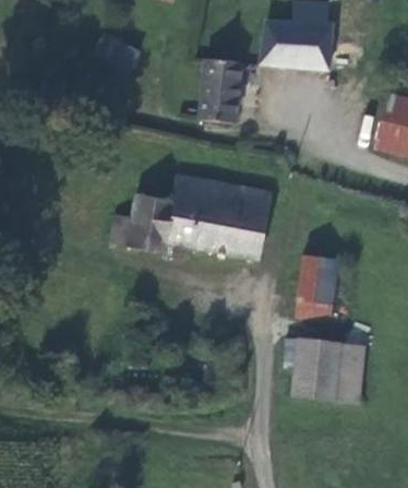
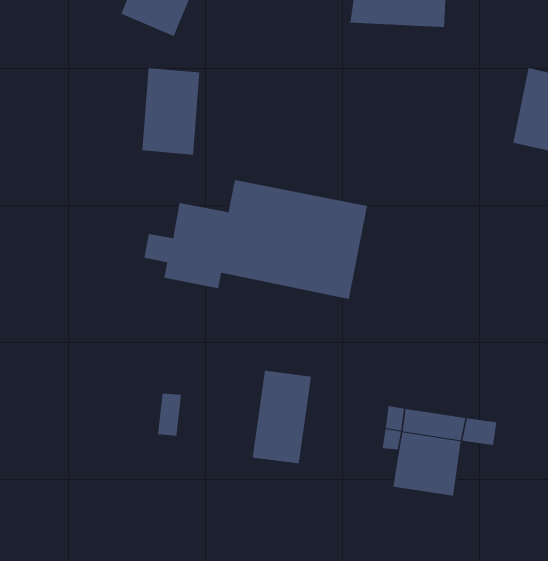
building: [200,60,241,122] -> [142,68,200,155]
building: [296,253,338,320] -> [252,370,312,464]
building: [334,360,362,403] -> none

